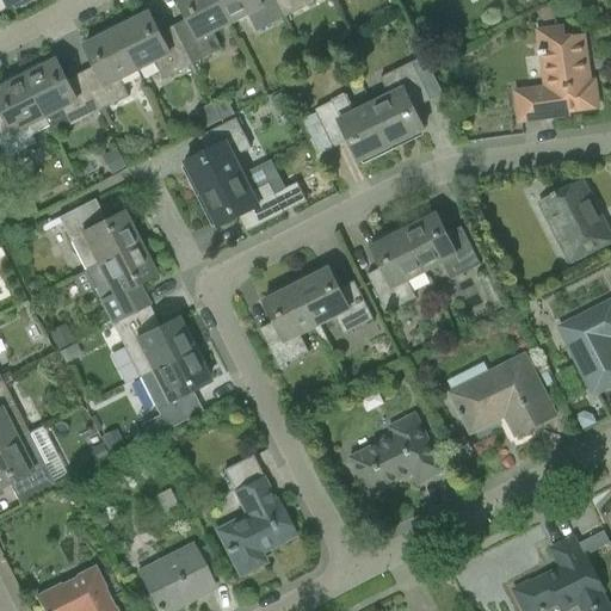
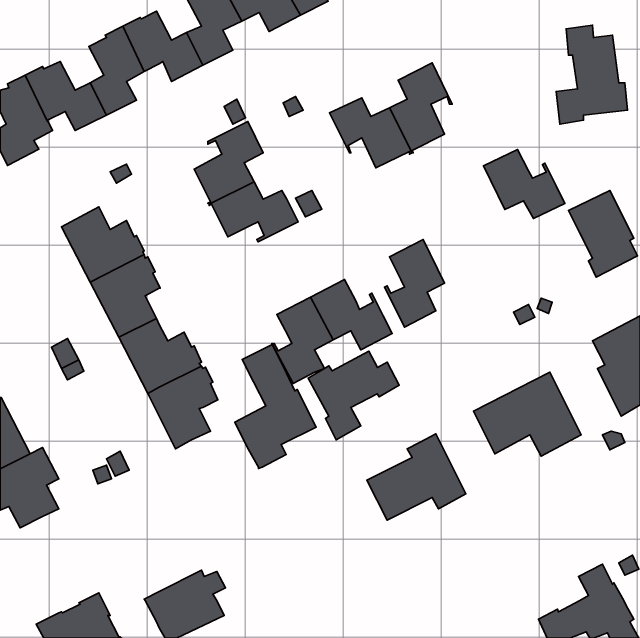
building: [403,212,481,278] -> [484,149,565,218]
building: none -> [308,351,399,440]
building: [216,455,294,573] -> [235,344,316,468]

